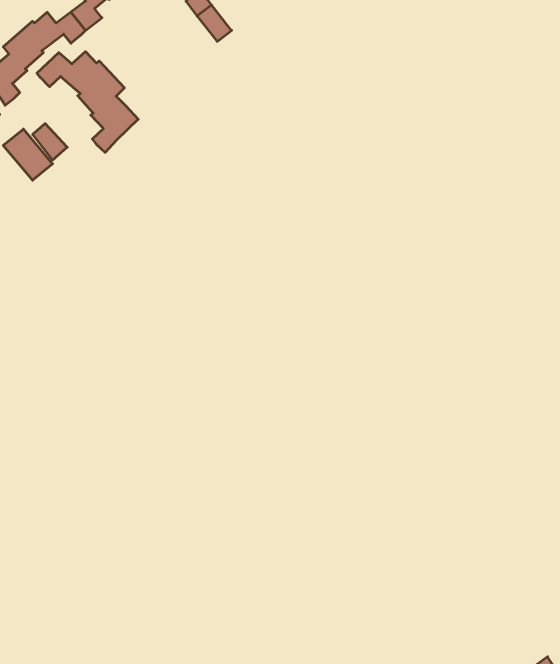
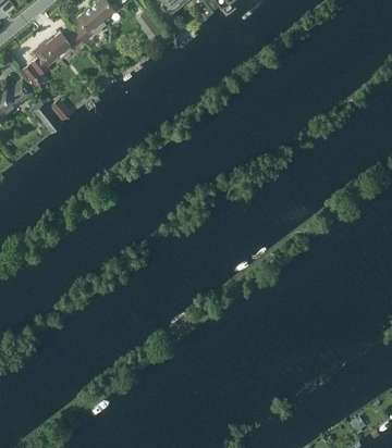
building: [37,52,138,152] -> none

